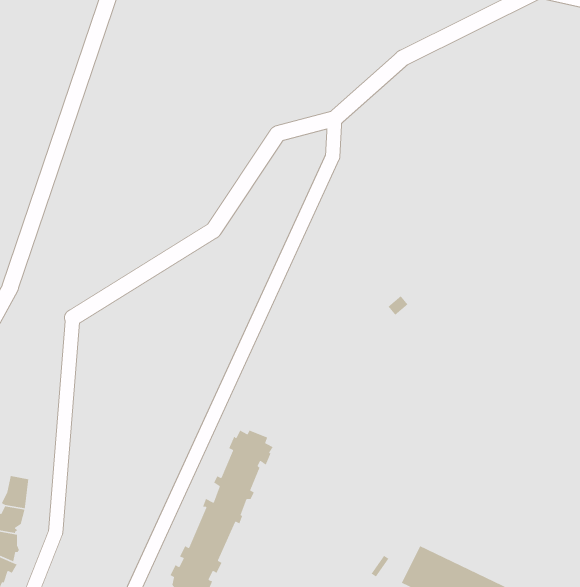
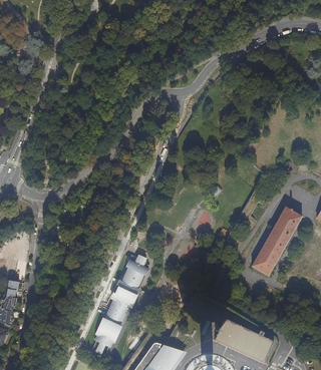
building: none -> [251,207,301,275]

